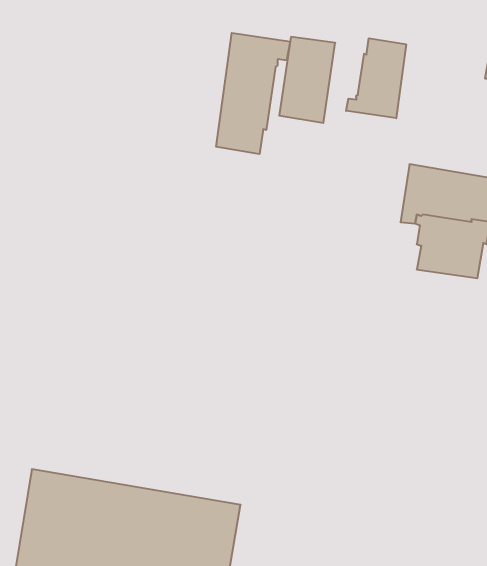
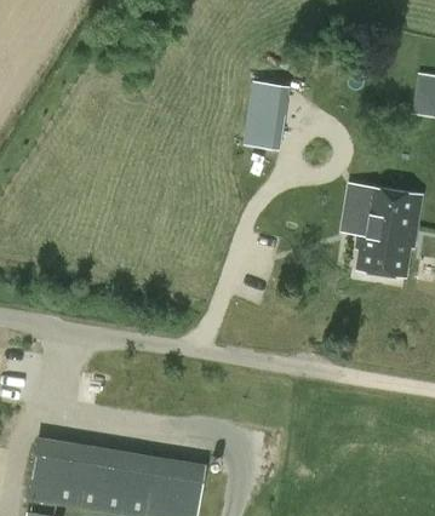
building: [216,33,290,154] -> none
building: [346,38,406,118] -> none

